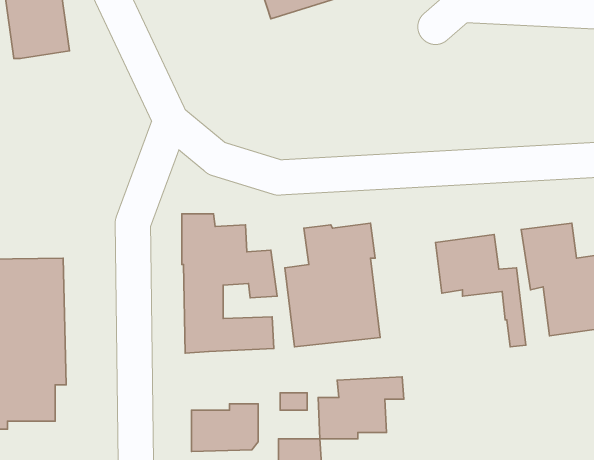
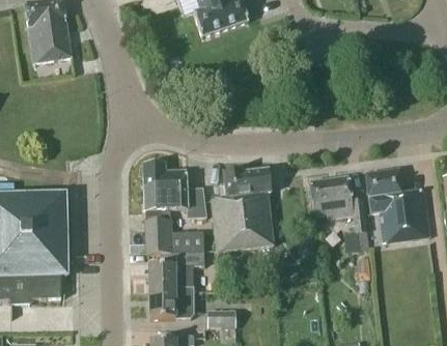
building: [318,377,404,439] -> [148,251,204,291]

